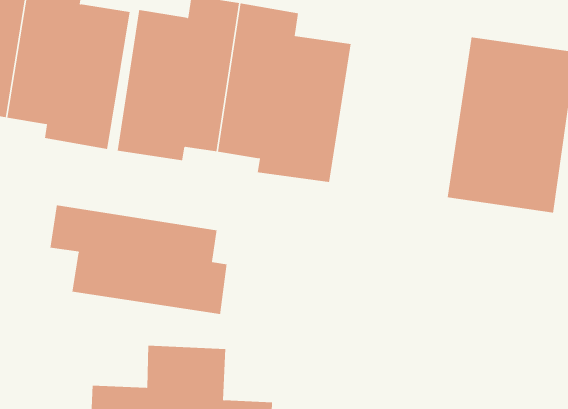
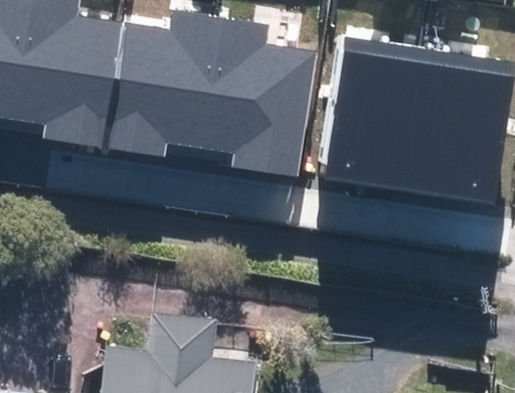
building: none -> [319,34,423,188]
building: [50,205,227,315] -> none

